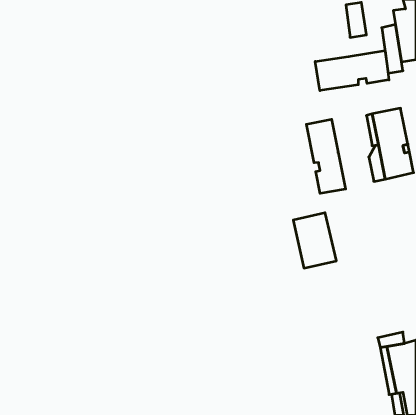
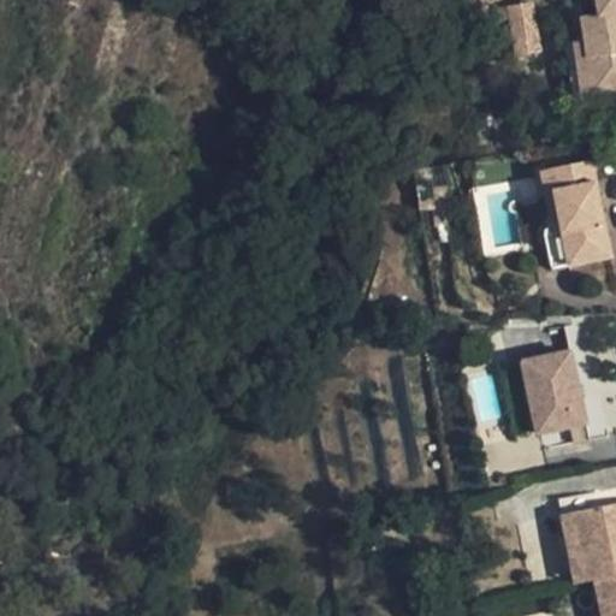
building: [315,50,389,91] -> none
building: [306,119,346,193] -> none
building: [293,213,336,268] -> [521,350,585,432]

